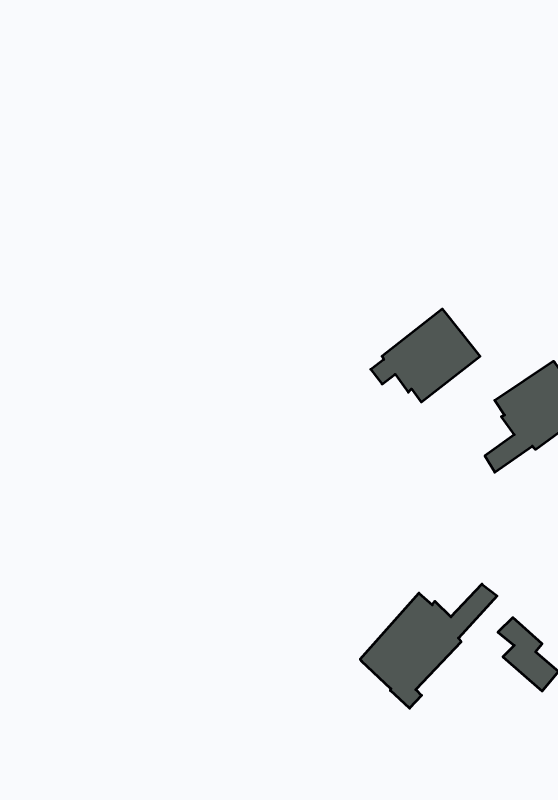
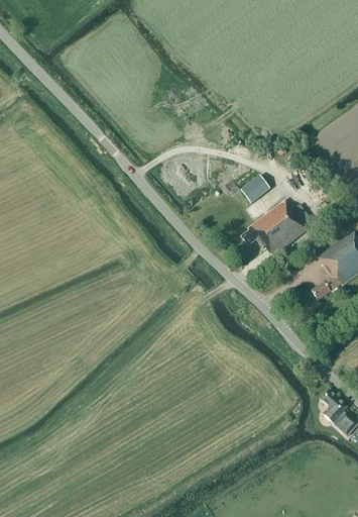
building: none -> [240,175,269,203]
building: [360,584,497,708] -> none

